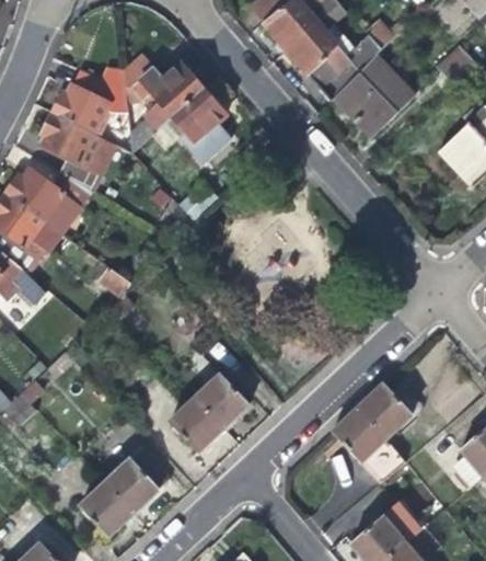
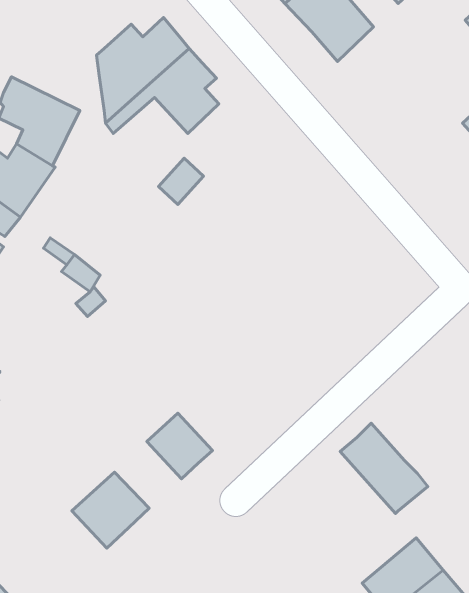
building: [331,56,410,129] -> none
building: [54,70,134,151] -> none
building: [195,373,251,430] -> none
building: [359,382,414,438] -> none
building: [79,481,135,537] -> none

